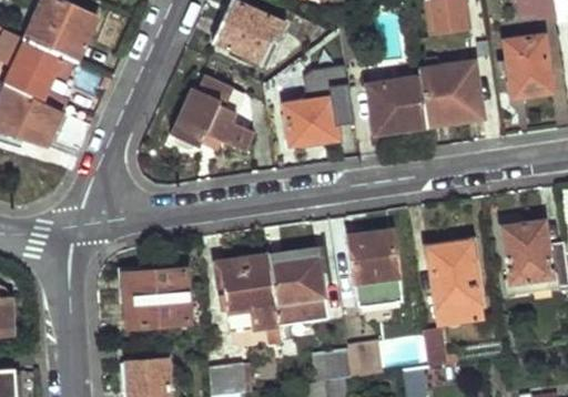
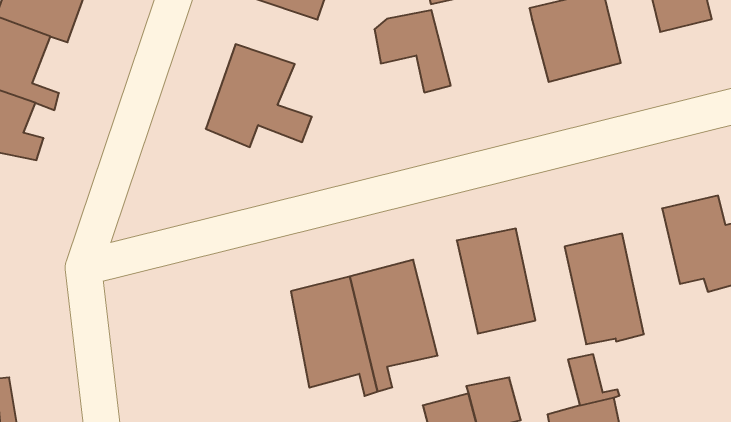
building: [368,79,427,132] -> none
building: [283,96,337,145] -> none
building: [124,269,189,327] -> none

